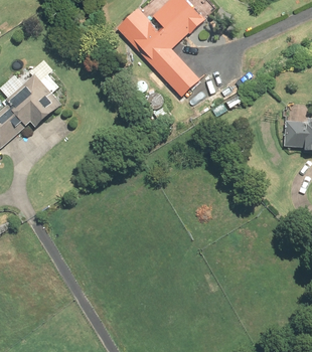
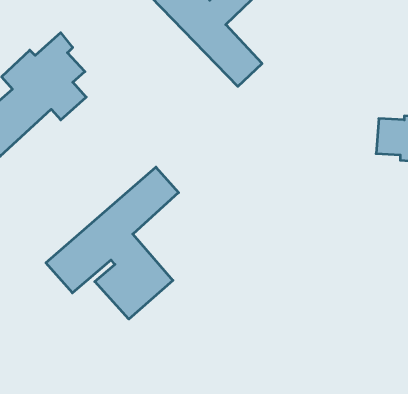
building: none -> [46,167,179,319]

